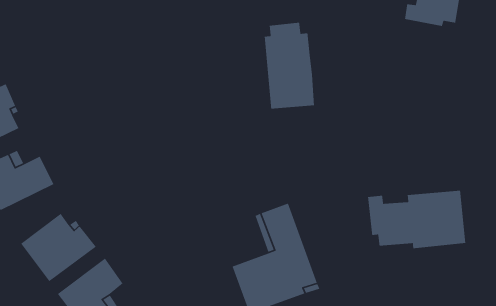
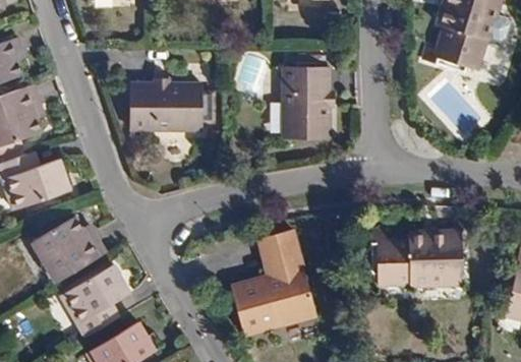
building: none -> [132,82,216,128]

